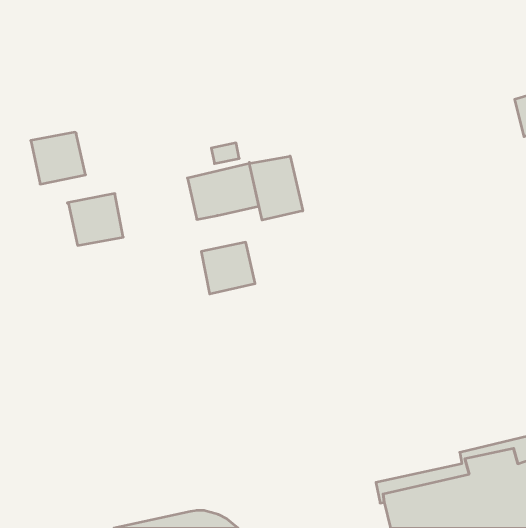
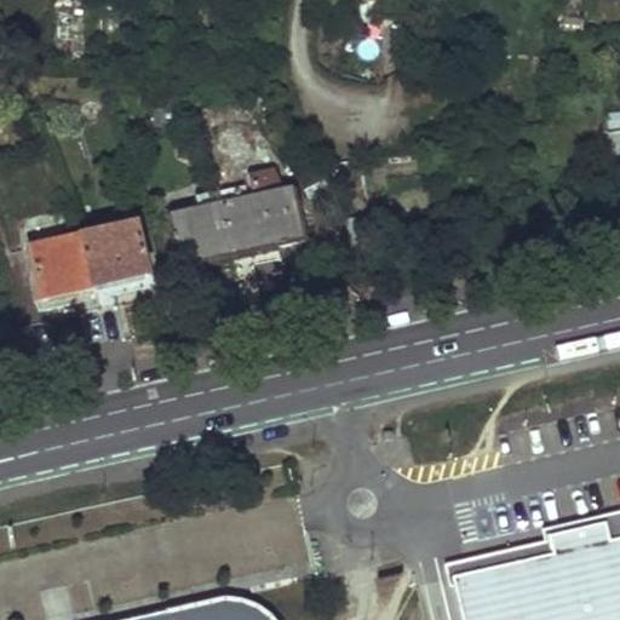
building: [31,132,86,184] -> [30,237,94,298]
building: [249,156,303,220] -> none
building: [201,242,255,294] -> [171,208,234,269]

